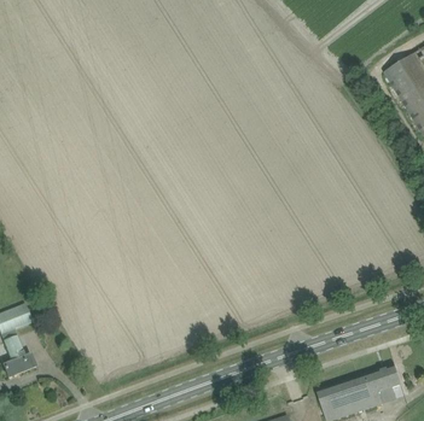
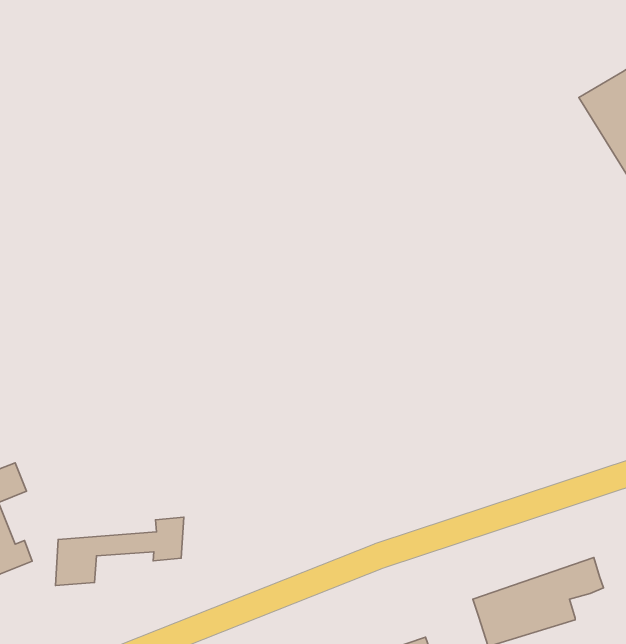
building: none -> [56,517,184,585]

